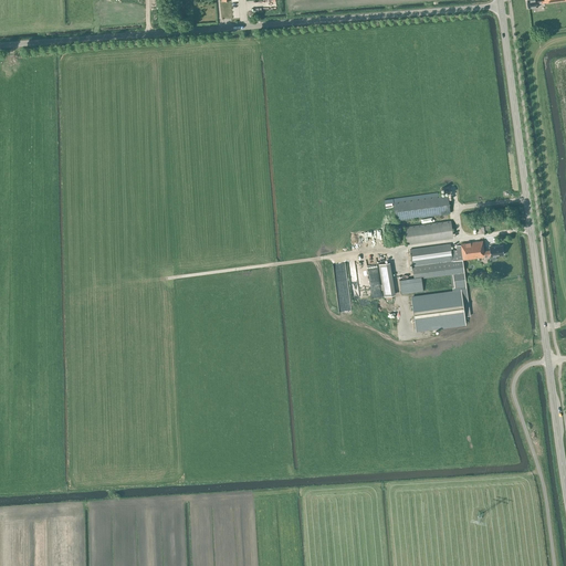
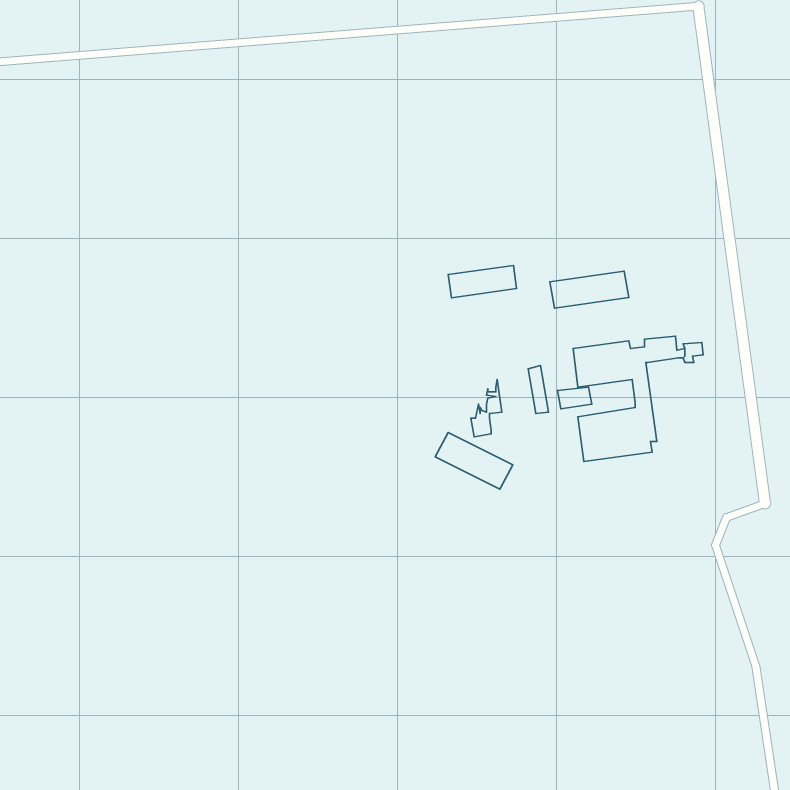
building: [403,220,452,243] -> [448,265,516,298]
building: none -> [435,433,513,489]

